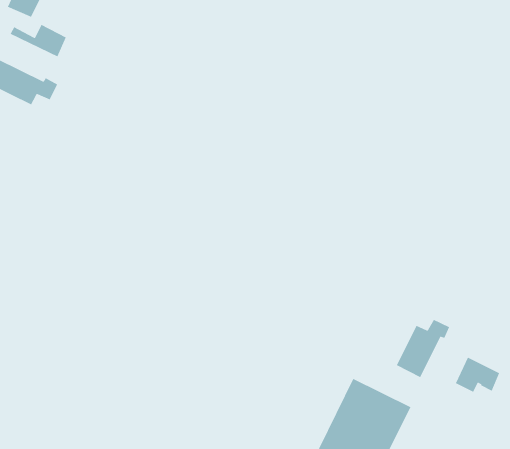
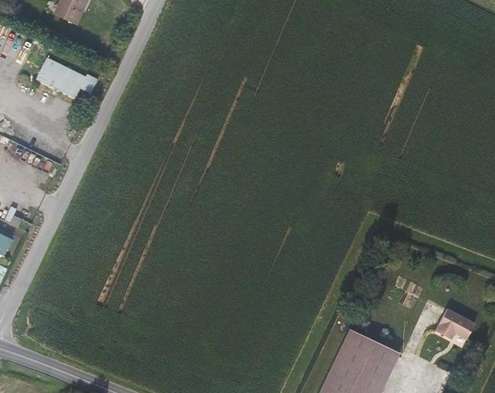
building: [10,24,67,58] -> none
building: [396,319,450,378] -> none

